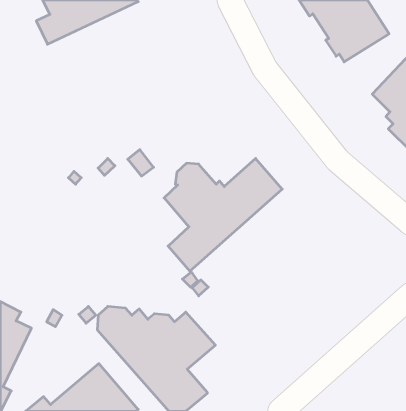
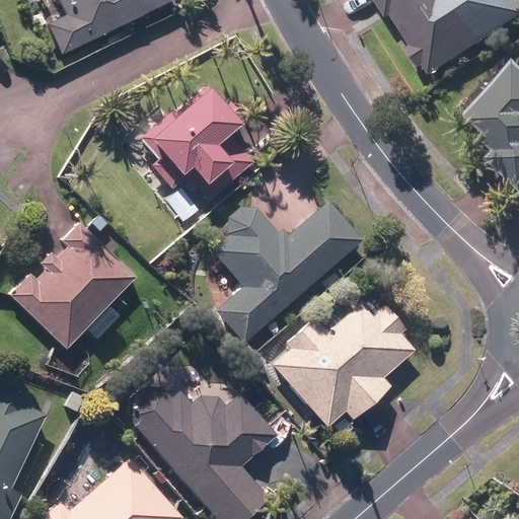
building: none -> [142,84,253,200]
building: none -> [10,223,136,350]
building: none -> [272,302,415,427]

